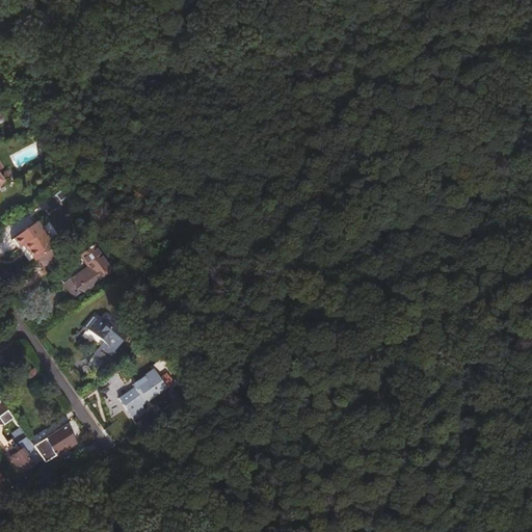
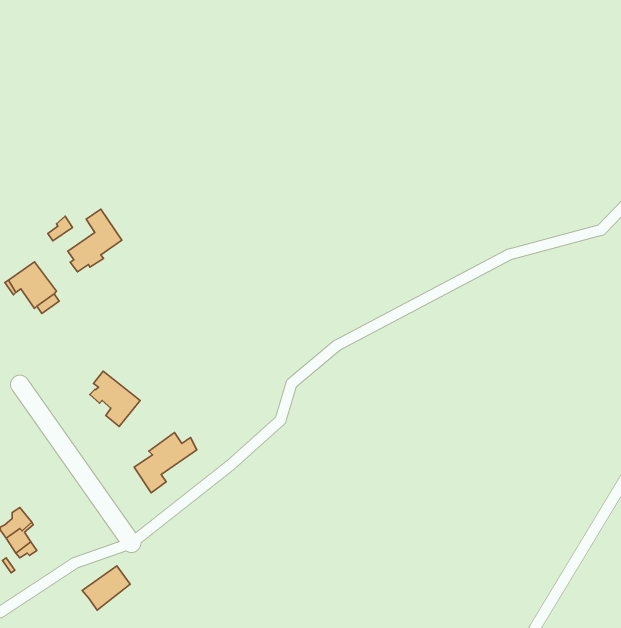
building: [68,243,113,296] -> [68,209,122,272]
building: [36,425,77,462] -> [82,566,130,610]

